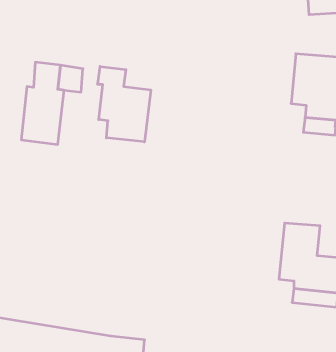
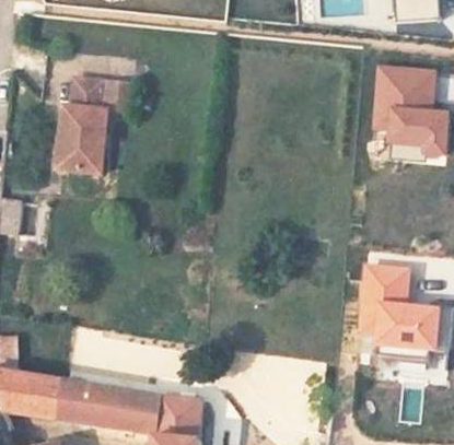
building: [98,66,151,142] -> none

